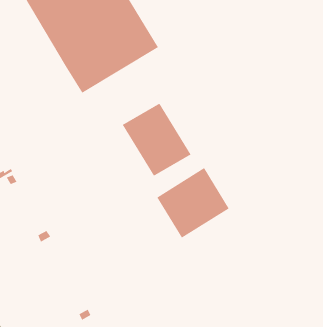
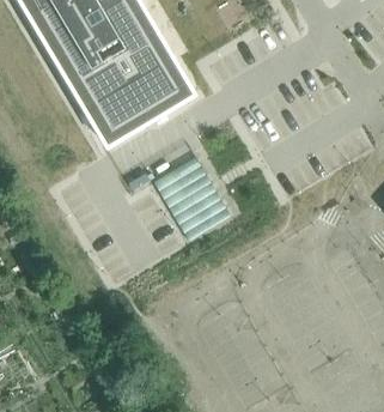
building: [157,167,230,239] -> none

